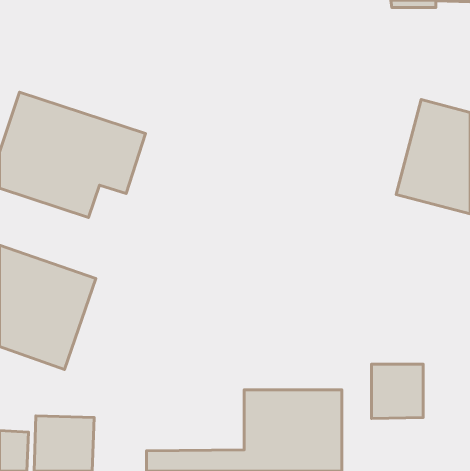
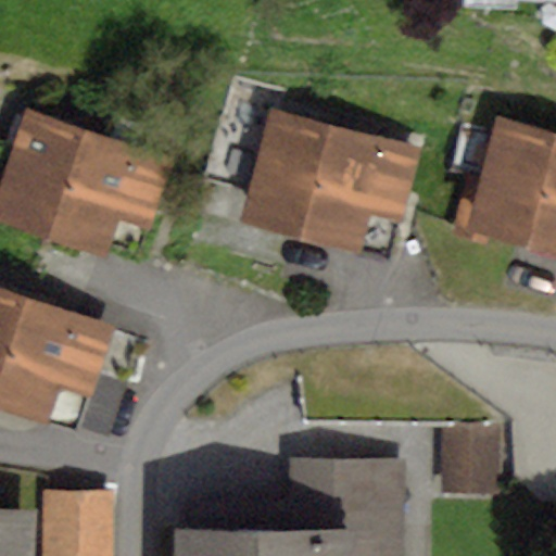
building: none -> [241,108,422,262]

